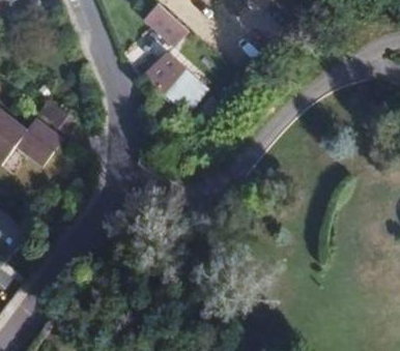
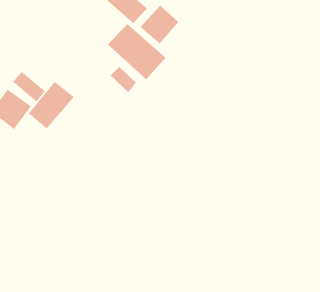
building: none -> [140,5,179,45]
building: none -> [28,81,75,130]

